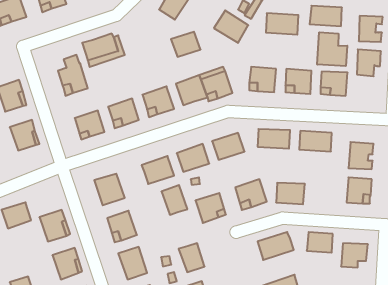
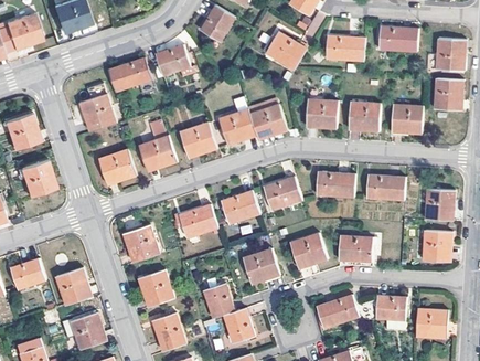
building: [171,32,201,57] -> [153,45,189,75]
building: [317,32,347,66] -> none
building: [161,185,187,215] -> [202,283,233,318]

